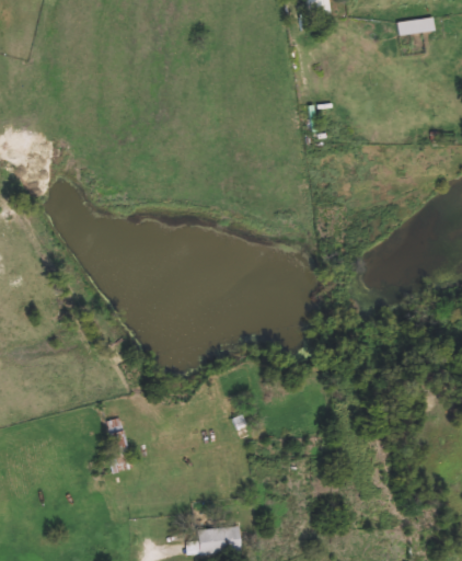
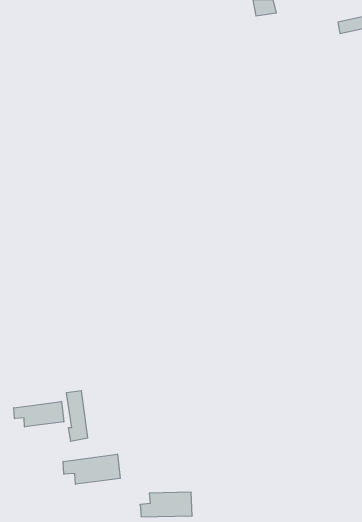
building: none -> [14,401,64,427]
building: none -> [63,454,120,484]

